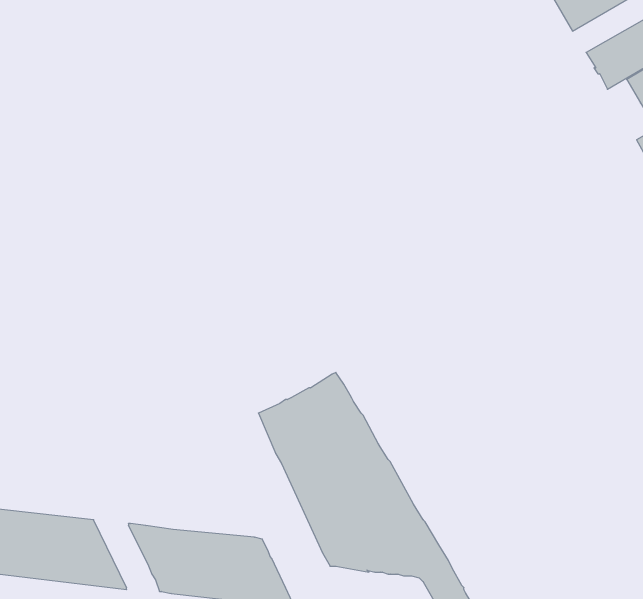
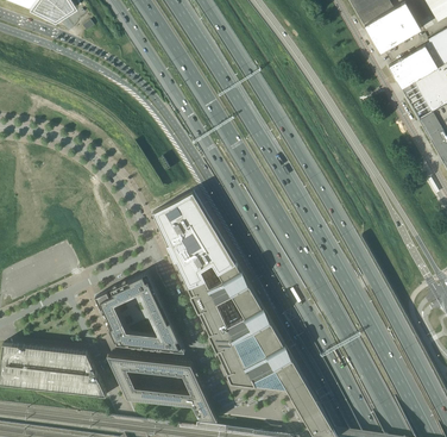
building: none -> [152,192,235,288]
building: none -> [95,274,184,352]

